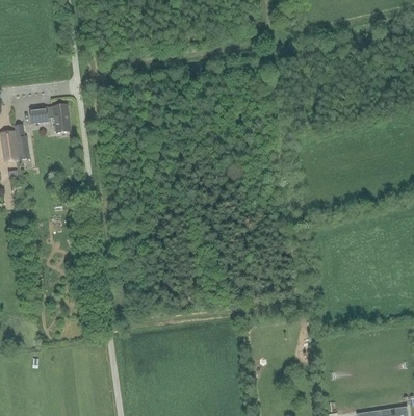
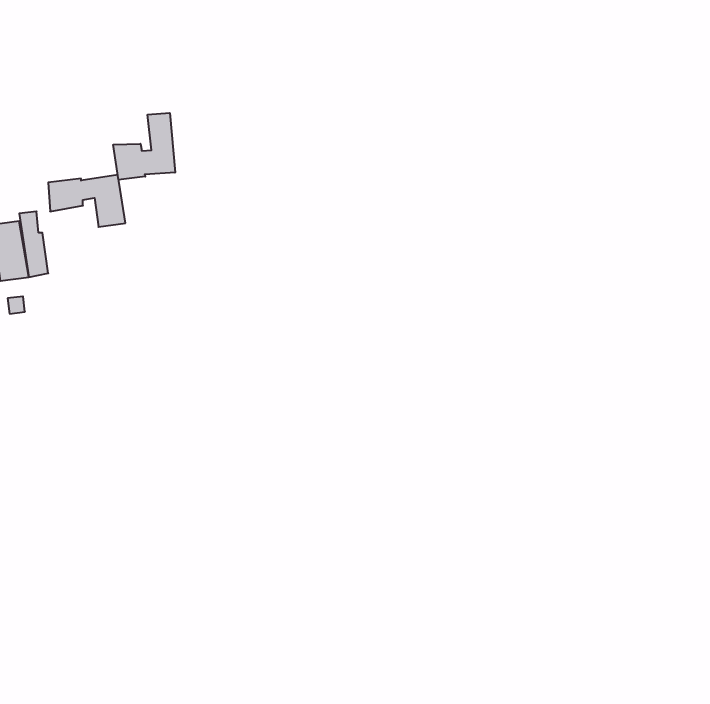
building: none -> [113,113,175,180]

